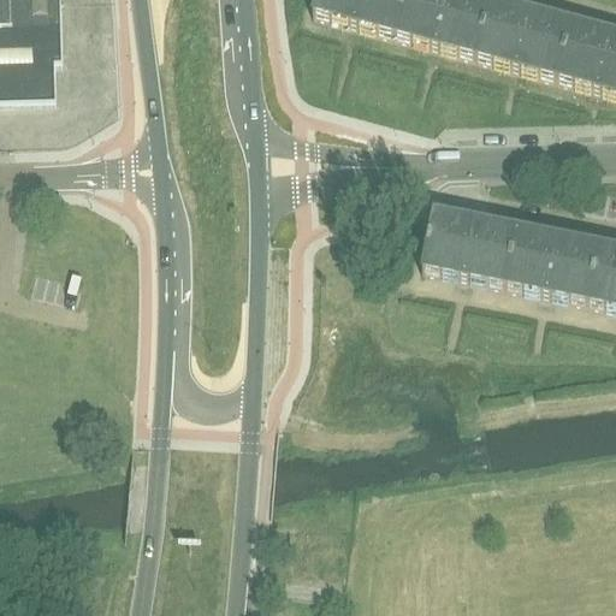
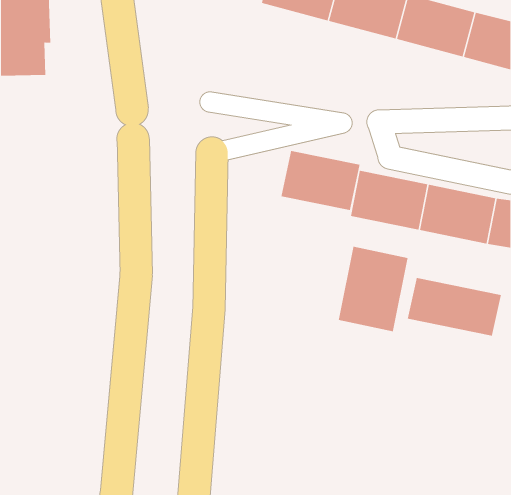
building: none -> [281,150,360,211]
building: none -> [338,246,408,332]
building: none -> [407,277,501,337]

